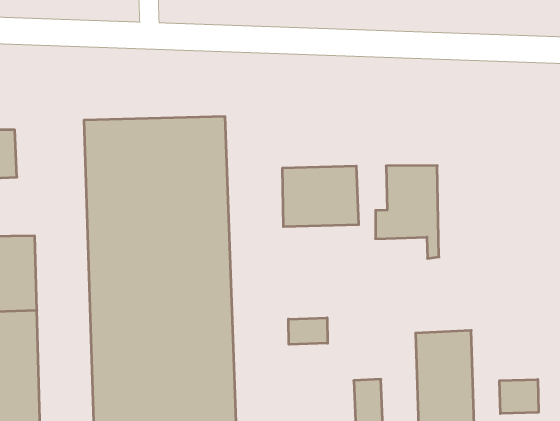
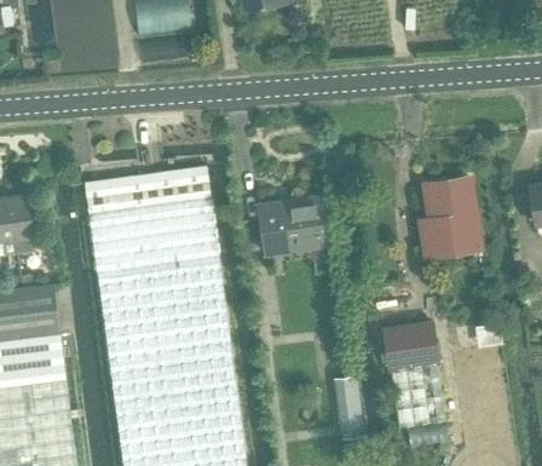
building: [375,166,439,258] -> [422,180,480,260]
building: [288,318,328,344] -> none
building: [500,379,538,414] -> none

